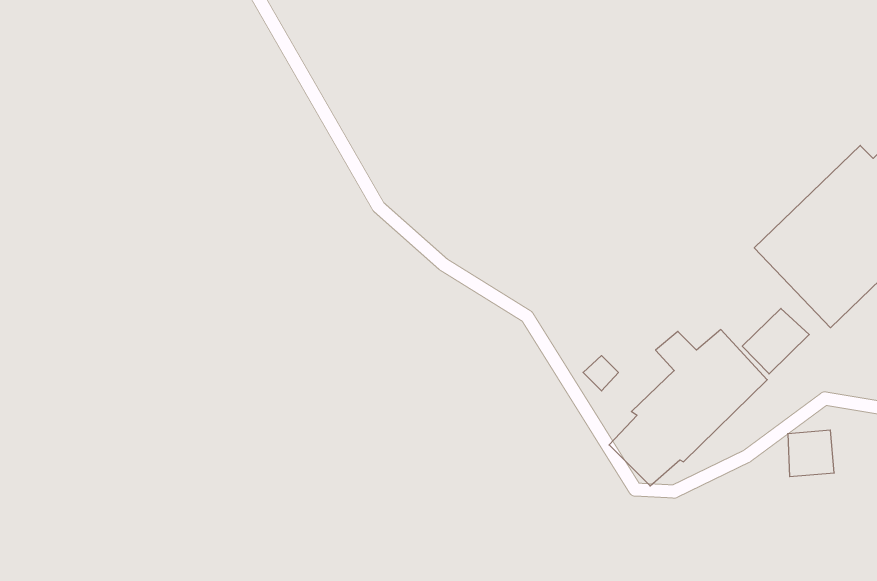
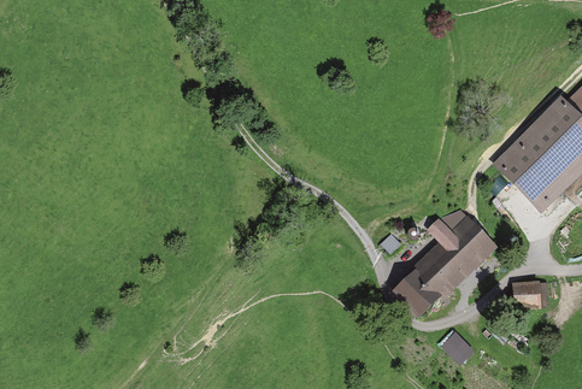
building: [742,308,809,374] -> none
building: none -> [441,330,476,364]

